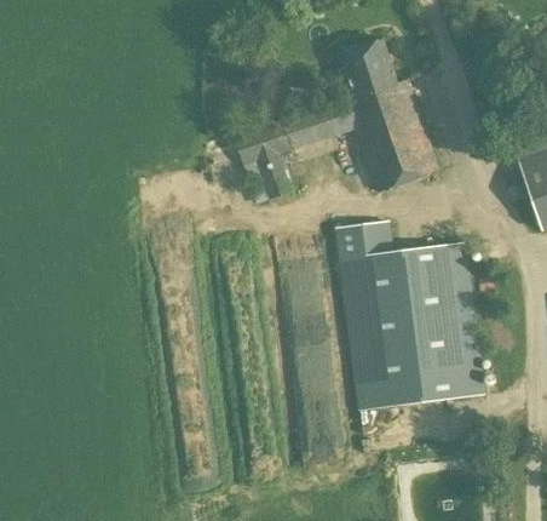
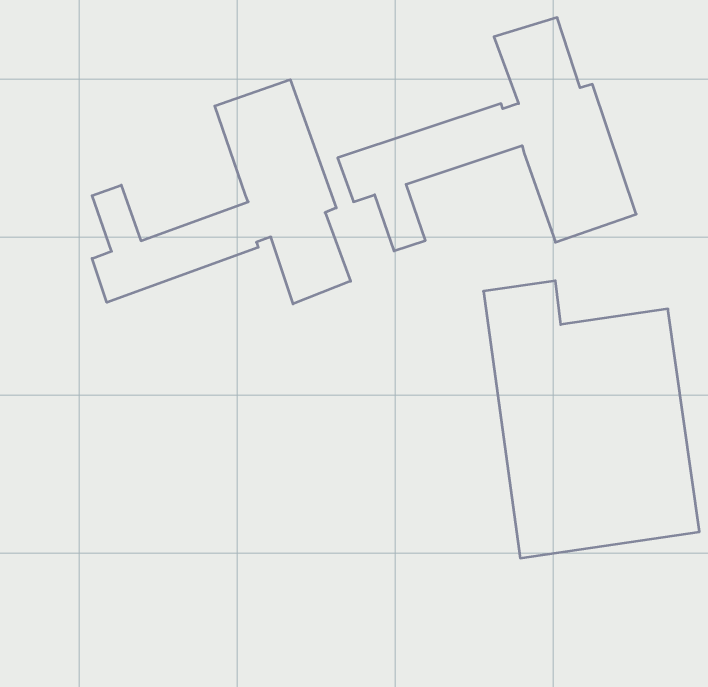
building: none -> [92,80,351,304]

